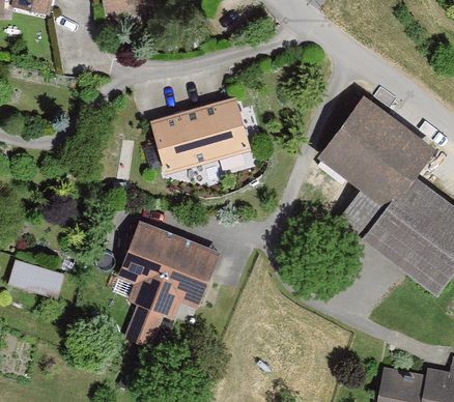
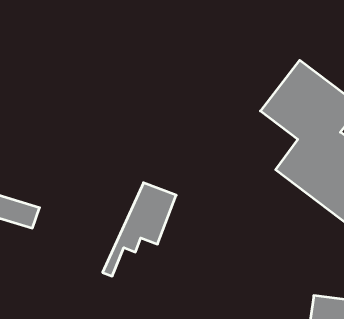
building: [148,94,252,174] -> none
building: [116,220,182,342] -> none

